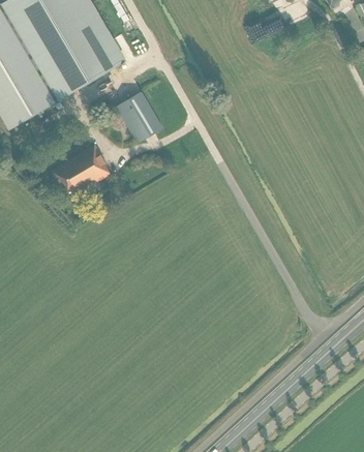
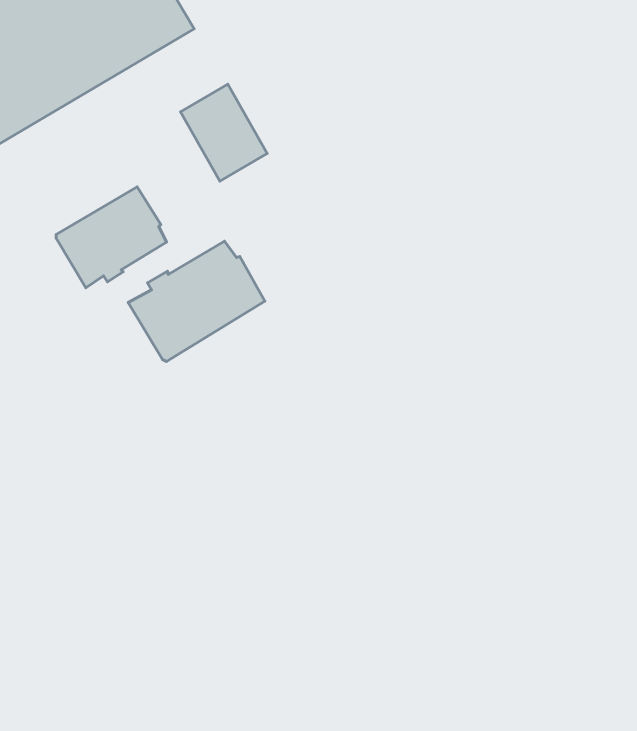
building: none -> [128,241,265,361]

